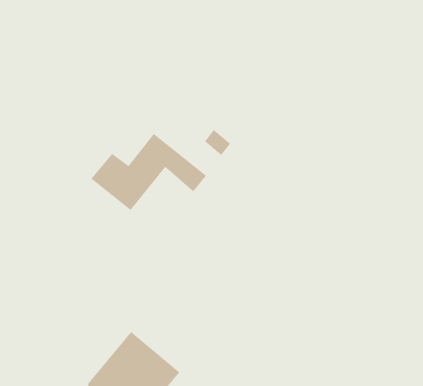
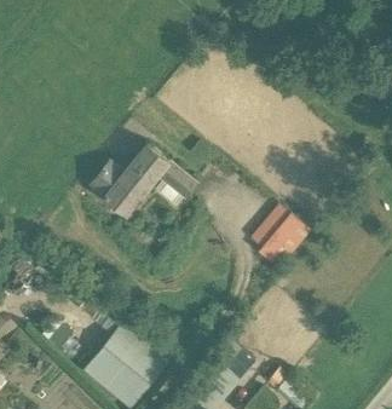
building: none -> [250,204,311,269]

